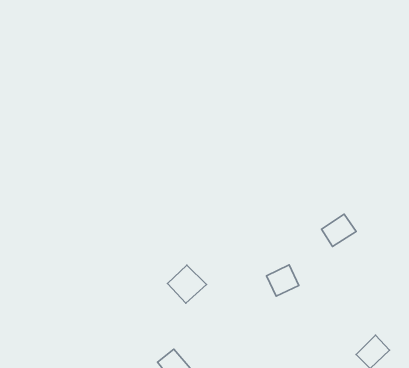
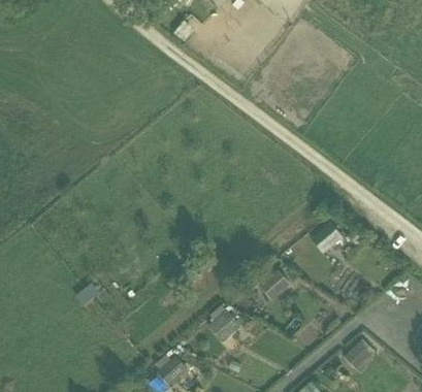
building: [168,265,206,303] -> [205,305,242,341]

